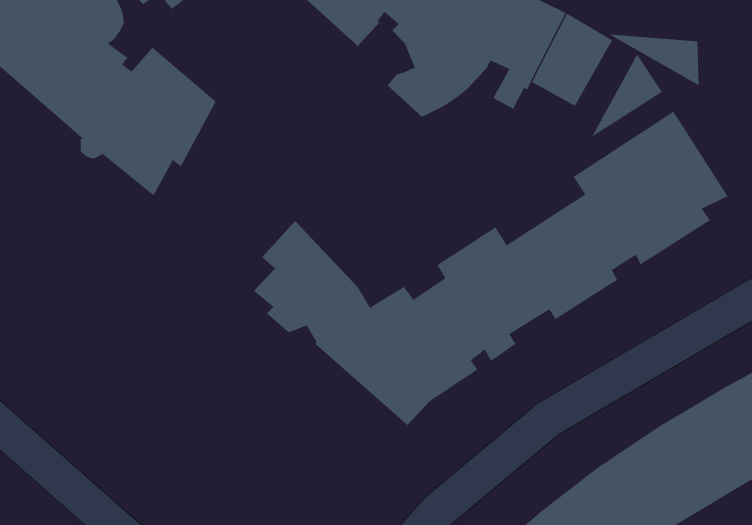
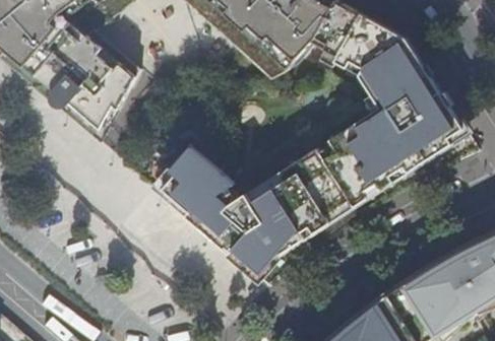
building: [607,34,699,86] -> none

